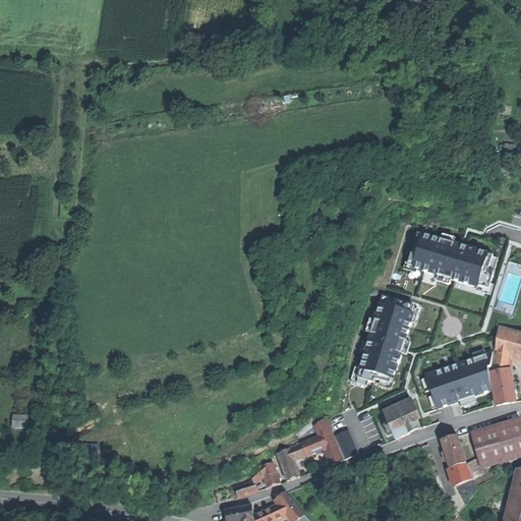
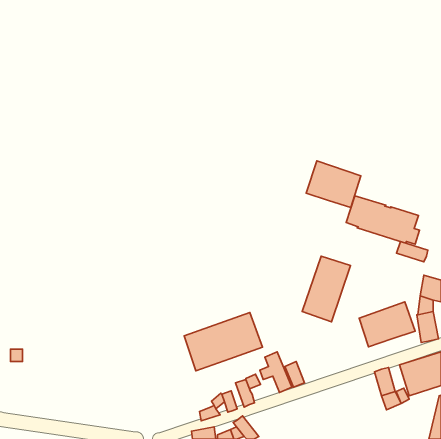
building: none -> [306,161,361,207]
building: none -> [397,242,428,262]
building: none -> [184,312,263,371]
building: [378,397,418,441] -> none

